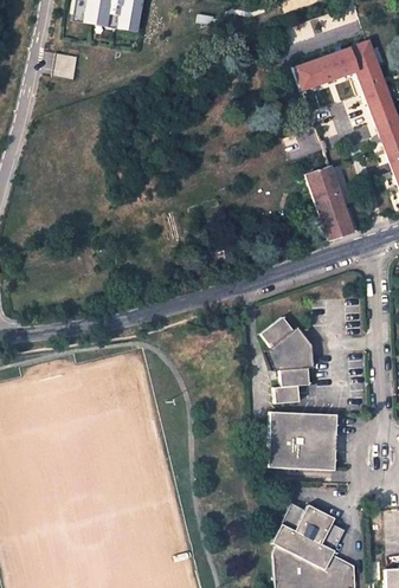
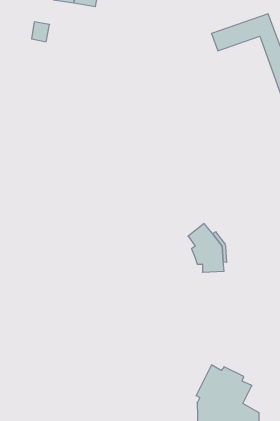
building: [307,167,353,240] -> none
building: [273,380,309,403] -> none
building: [268,412,335,470] -> none

